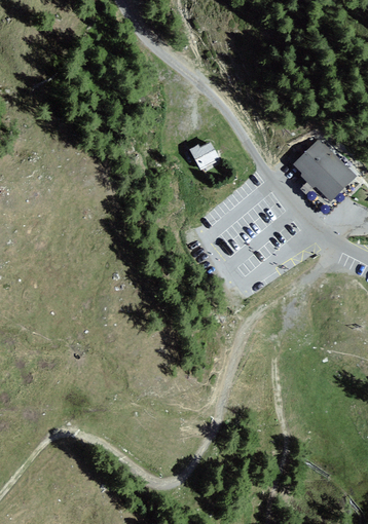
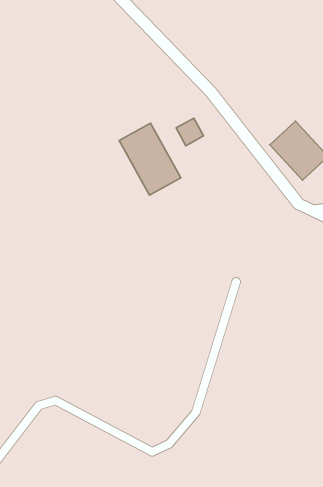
building: none -> [119,123,181,195]

